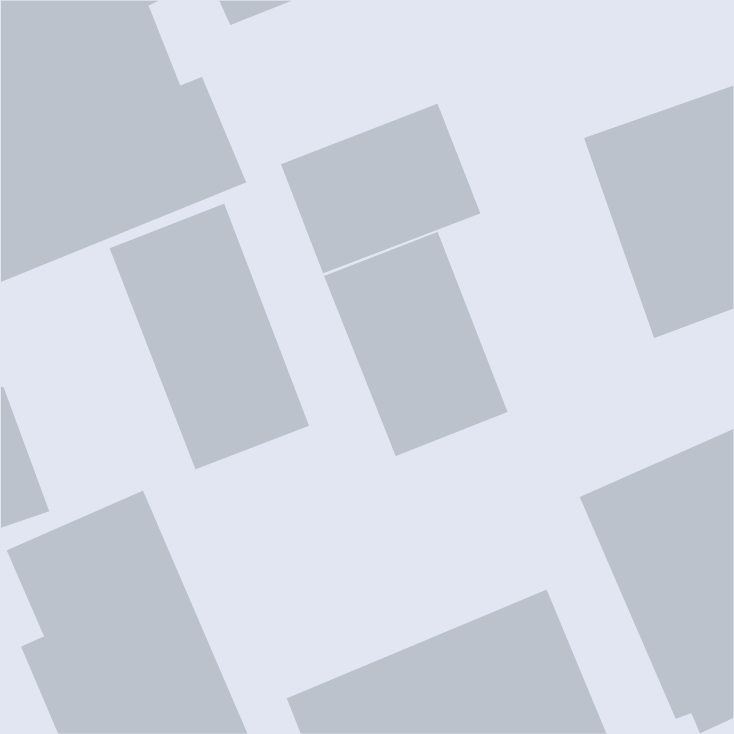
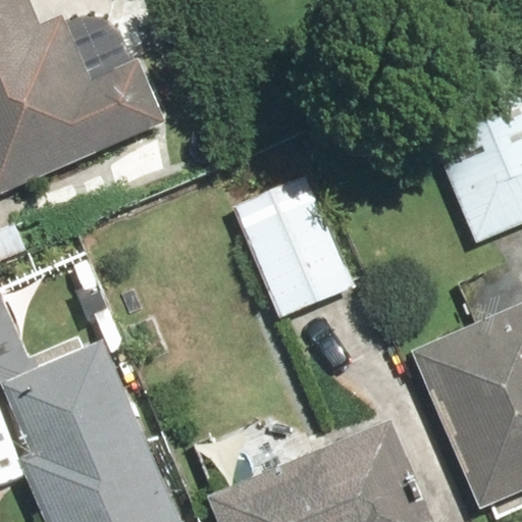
building: [280,103,481,274] -> none
building: [109,203,310,470] -> none

